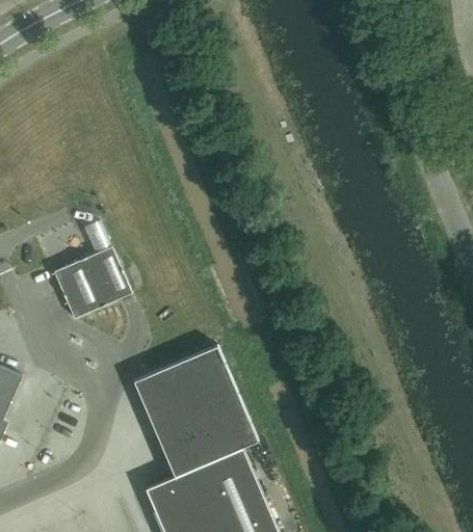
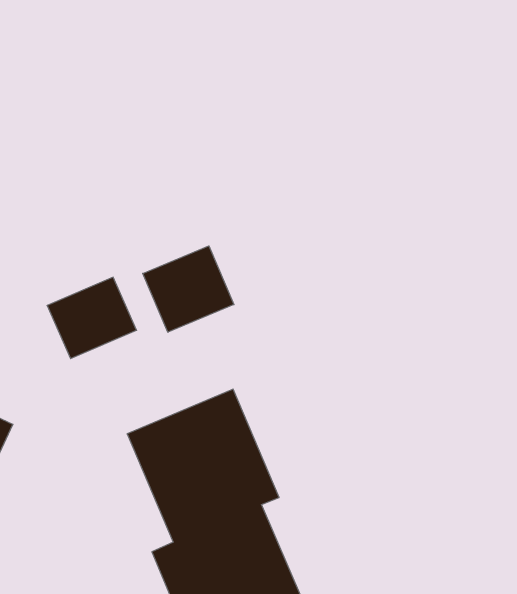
building: none -> [143,246,234,332]

